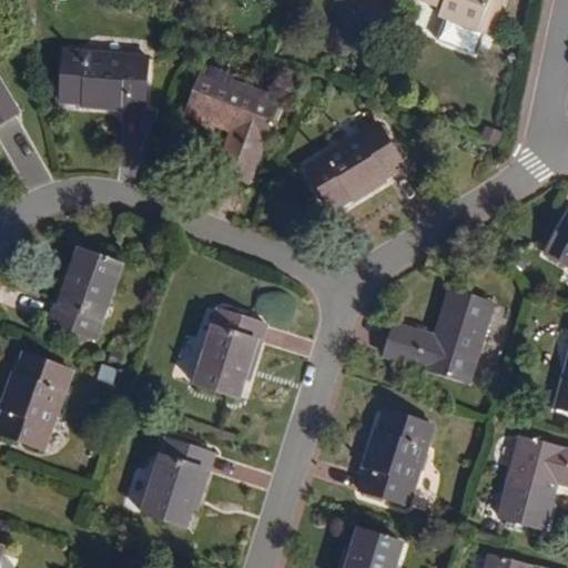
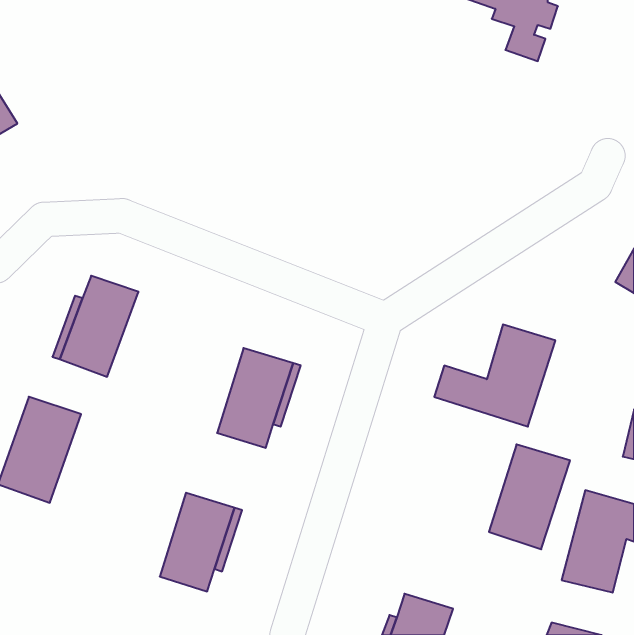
building: [60,51,146,105] -> none
building: [185,69,277,179] -> none
building: [298,121,396,209] -> none
building: [363,410,435,504] -> [489,444,570,549]

